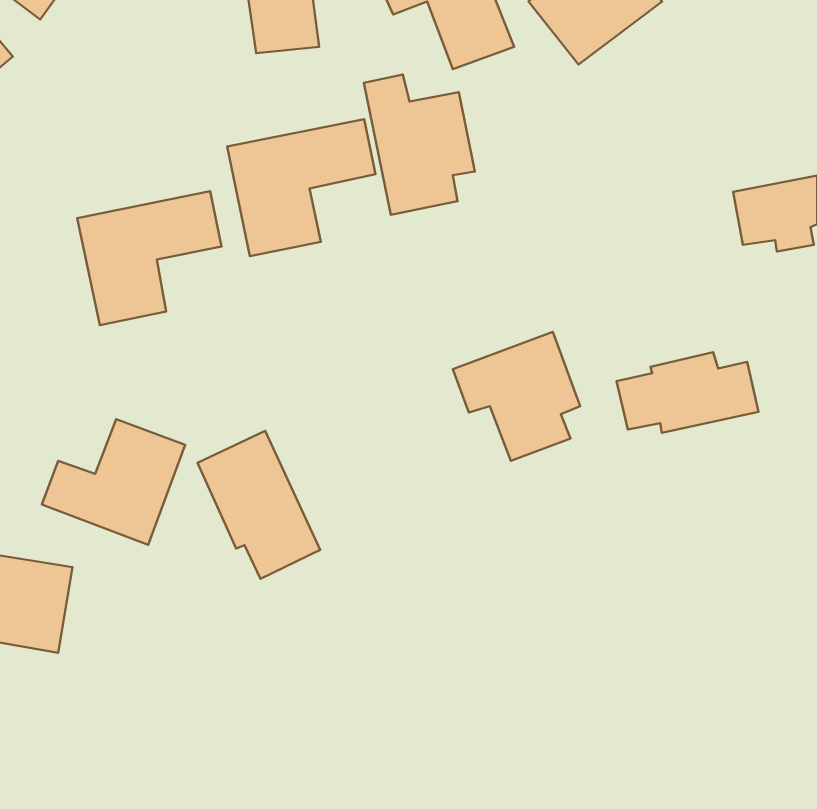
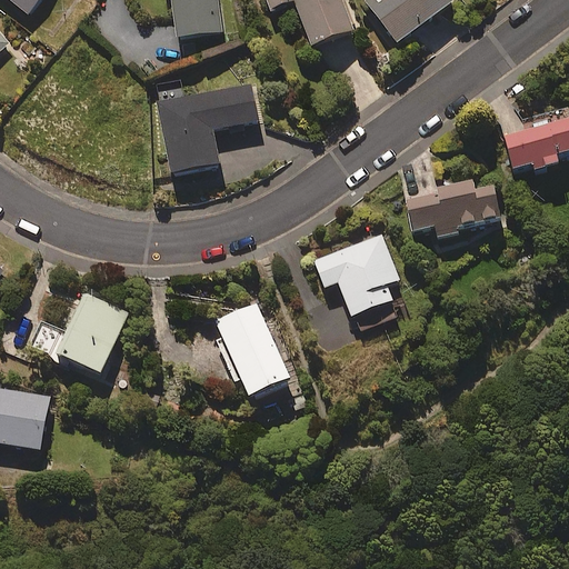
building: [364,75,475,215] -> none
building: [77,191,221,325] -> none
building: [617,352,758,433] -> [406,180,503,236]
building: [198,431,320,579] -> [209,300,293,402]

